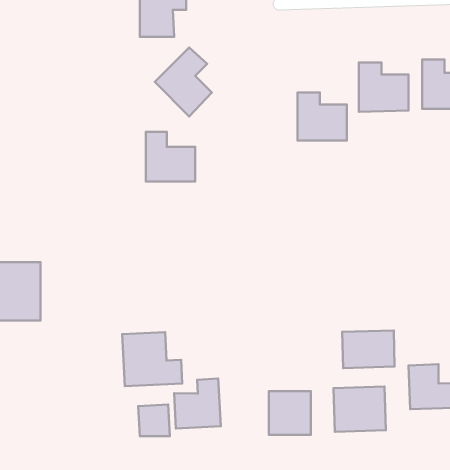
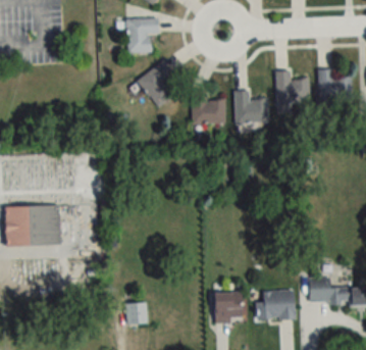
building: [146,132,195,181] -> [193,89,226,122]
building: [342,330,395,368] -> none
building: [122,332,182,386] -> none
building: [174,379,221,428] -> none

